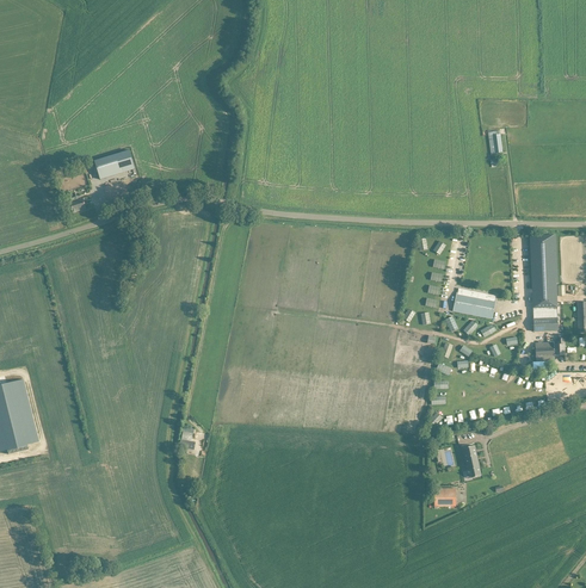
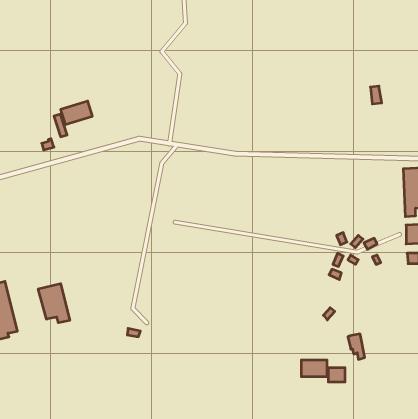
building: [451,291,494,318] -> none
building: none -> [38,284,70,323]
building: none -> [301,360,327,377]

